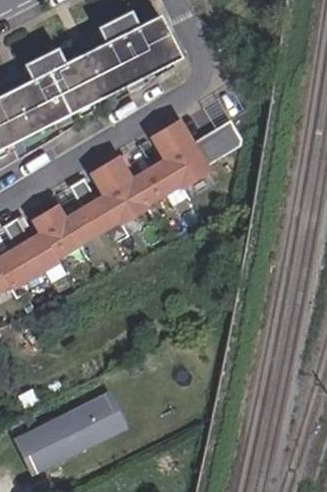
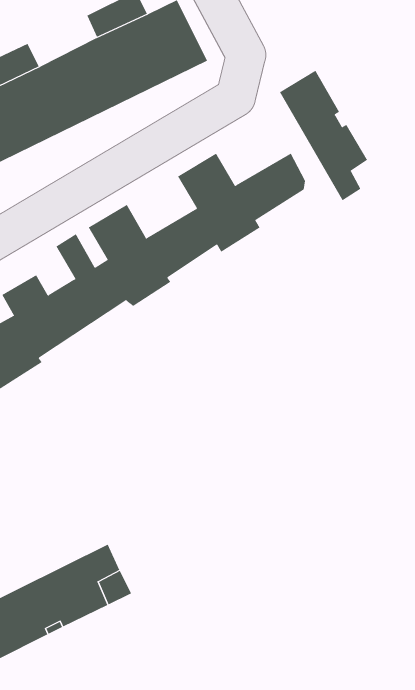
building: none -> [279,70,368,201]

